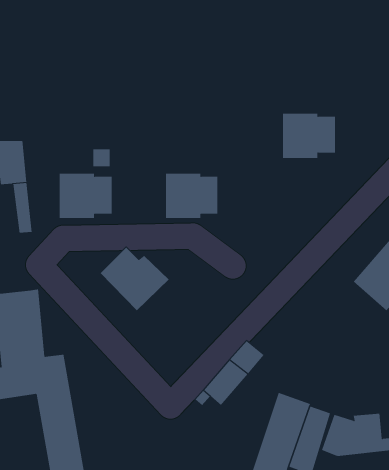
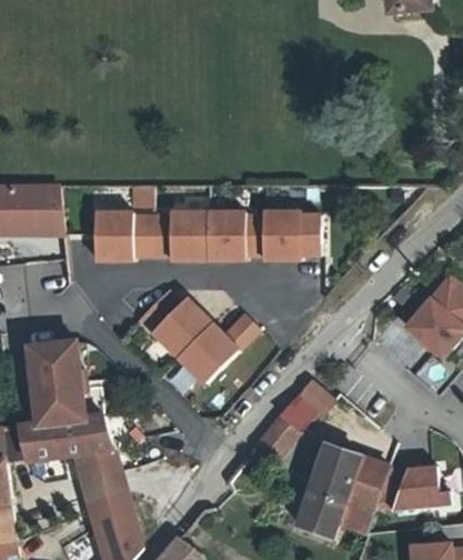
building: [282,113,336,158] -> [265,213,322,261]
building: none -> [154,213,210,261]
building: none -> [180,316,261,384]

